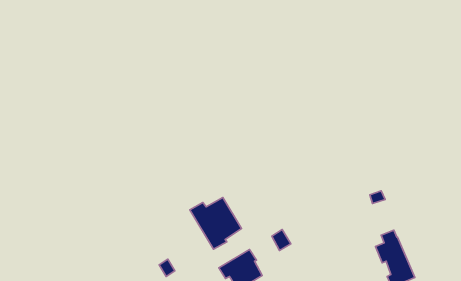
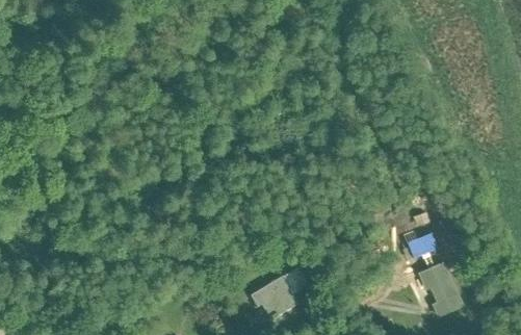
building: [190,197,241,249] -> none

